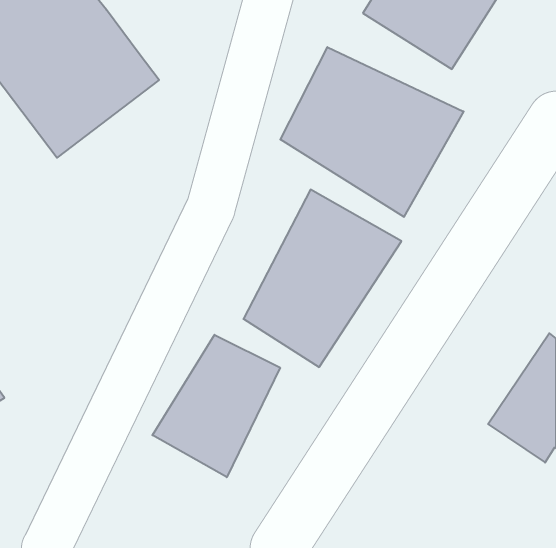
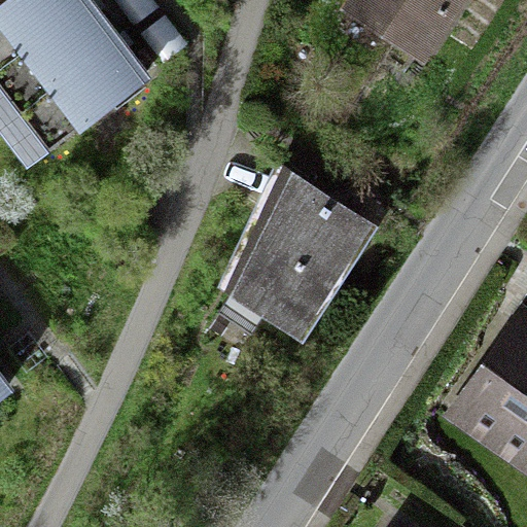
building: [280,47,464,217] -> none
building: [152,335,280,477] -> none

